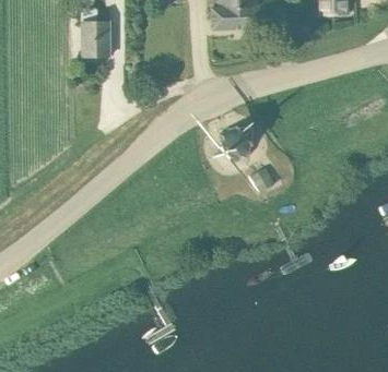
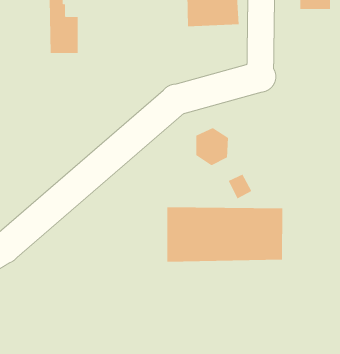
building: none -> [167,206,283,263]

